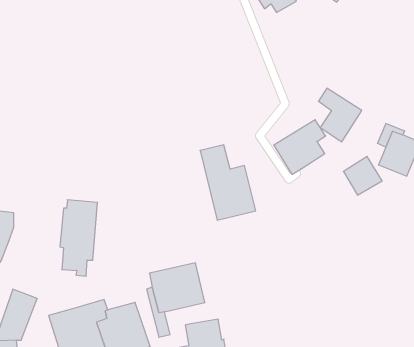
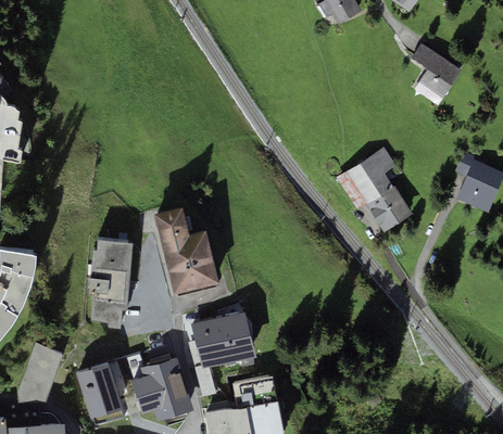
building: [318,88,362,142] -> [412,43,462,105]
building: [200,145,256,220] -> [154,207,218,294]
building: [343,156,382,195] -> [367,187,412,231]

